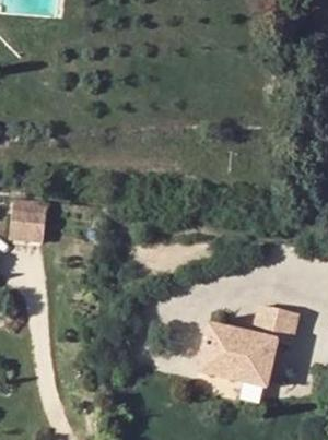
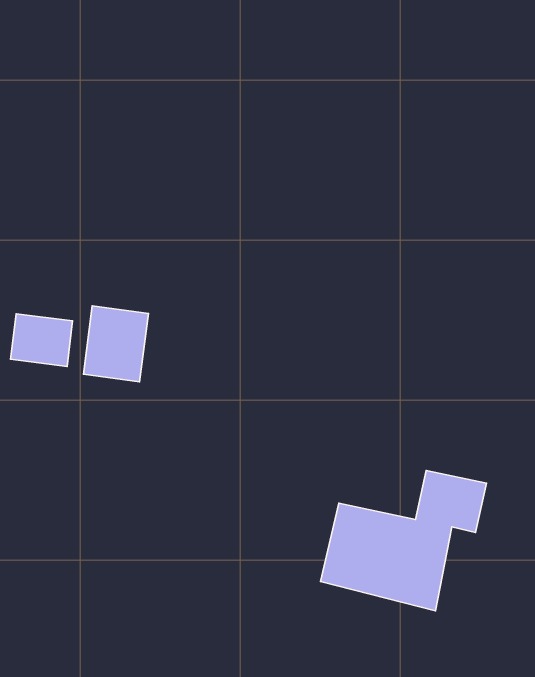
building: none -> [83,306,148,382]

